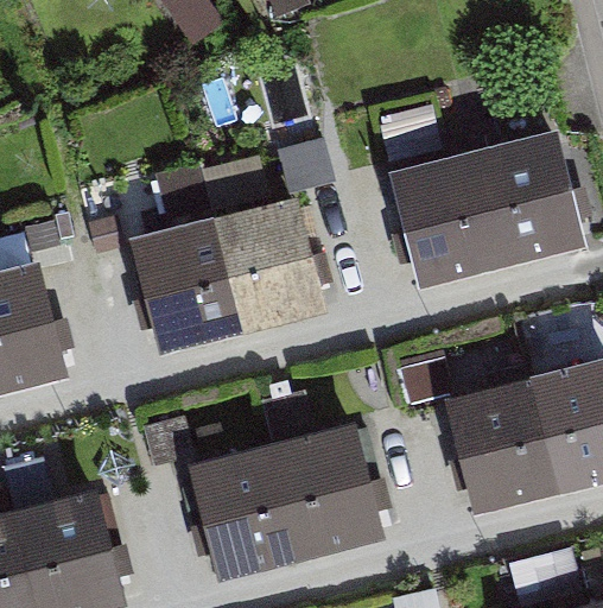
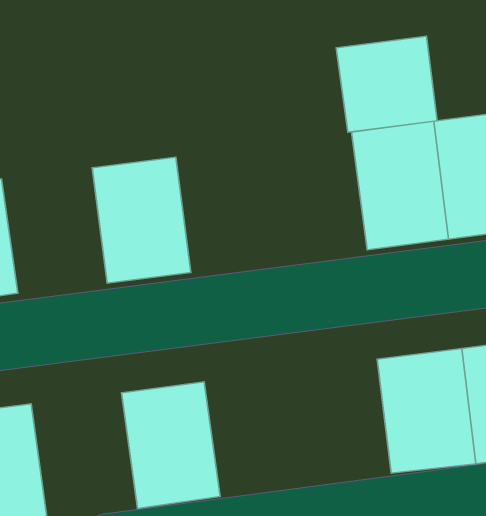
building: none -> [336,36,437,132]
building: [214,196,328,334] -> none
building: [271,422,385,559] -> none

